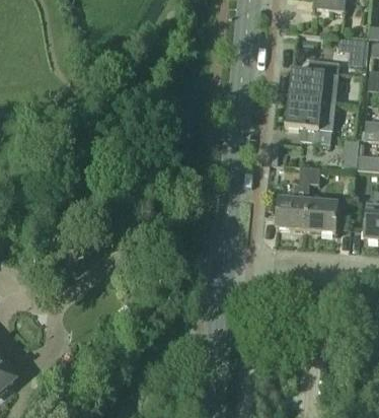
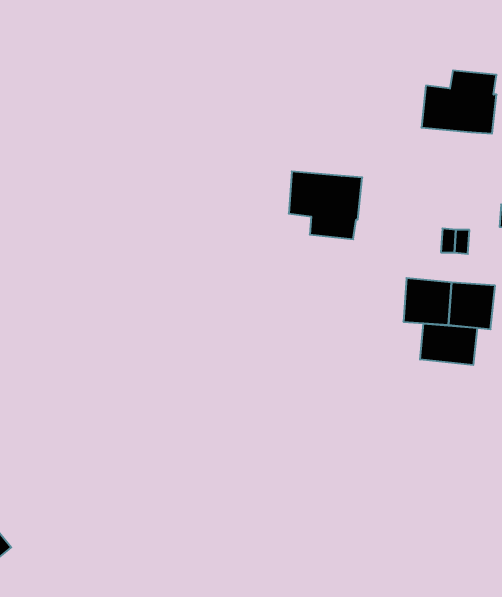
building: [287,96,336,142] -> [289,171,362,239]
building: none -> [420,323,477,365]

